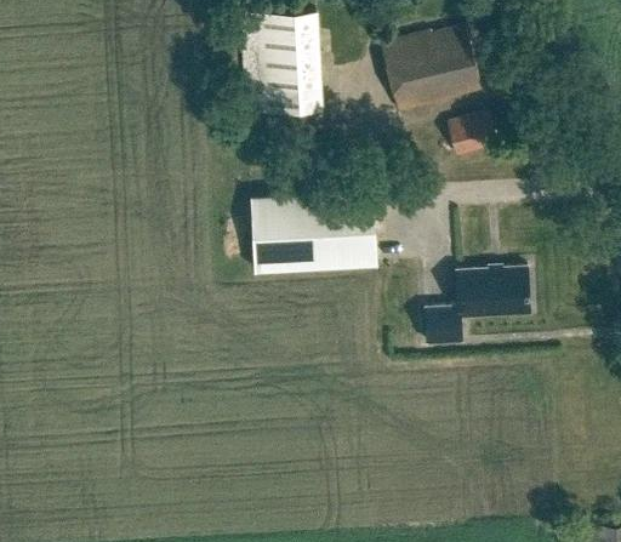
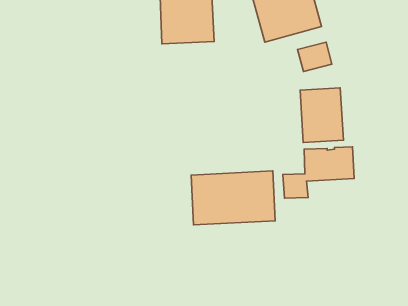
building: none -> [300,88,343,142]
building: [256,193,381,273] -> [191,171,275,225]

